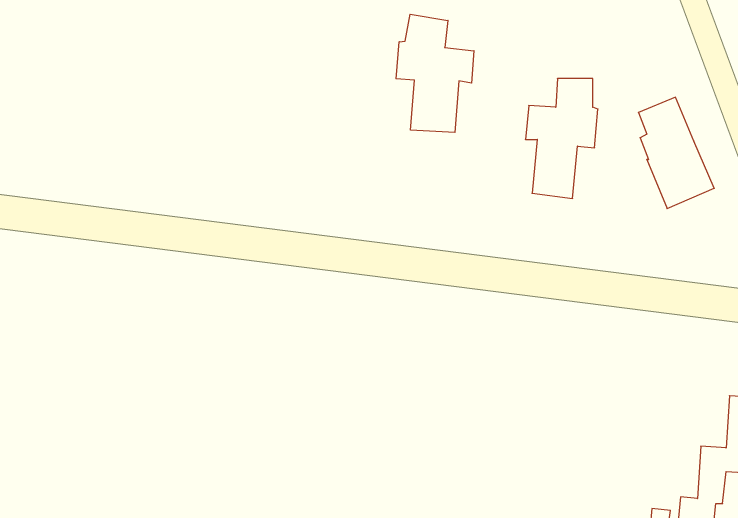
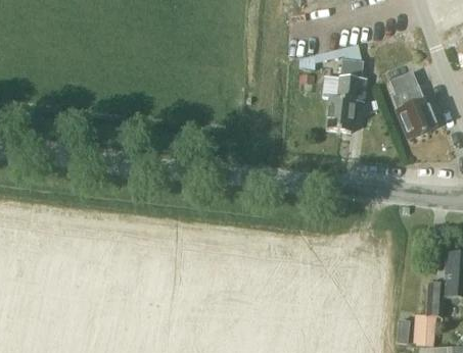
building: [396,14,474,132] -> none

